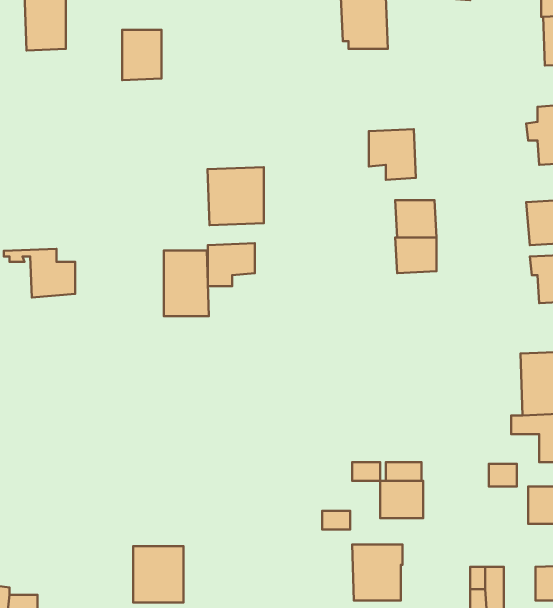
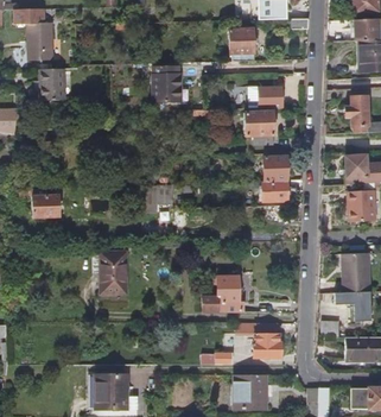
building: [122,30,161,80] -> [40,69,65,101]
building: none -> [258,86,281,108]
building: [208,167,264,225] -> [154,65,190,102]
building: [164,251,209,316] -> [97,252,126,293]
building: none -> [202,276,243,311]

